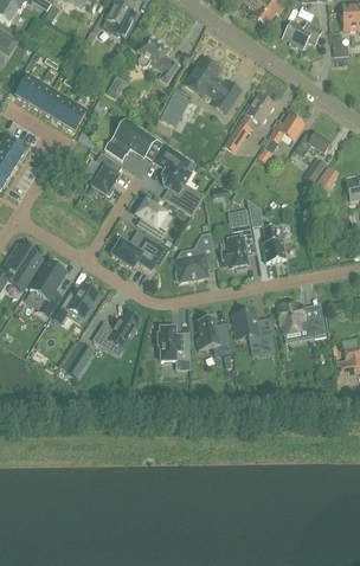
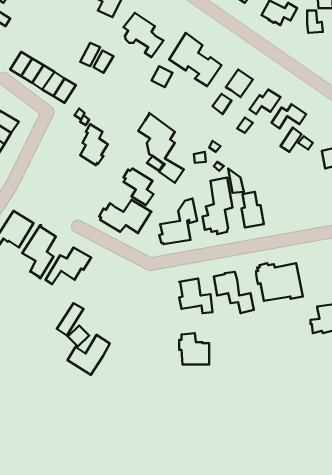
building: [107,118,163,161] -> none
building: [96,311,141,354] -> [68,335,110,375]
building: [158,327,189,360] -> [179,333,209,364]

